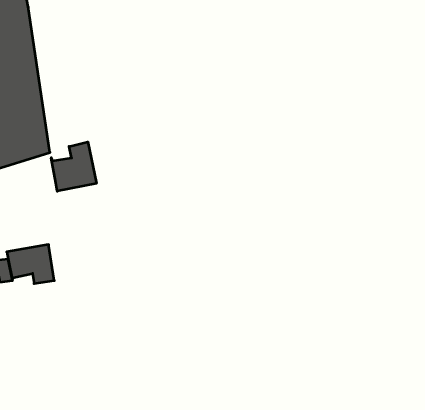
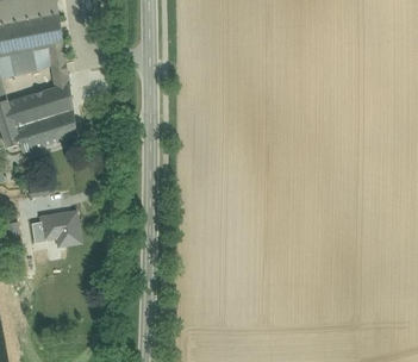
building: [51,142,96,191] -> none

